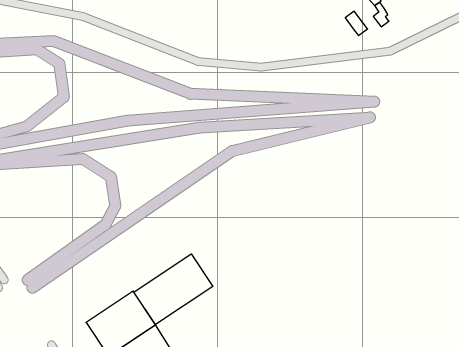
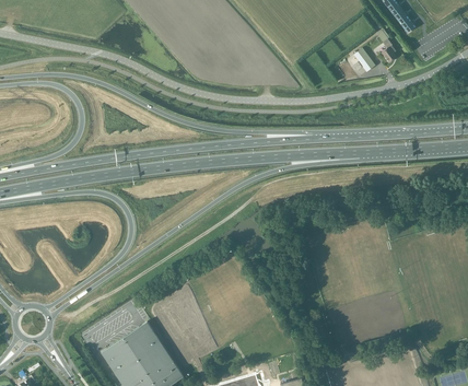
building: [134,254,213,325] -> none

